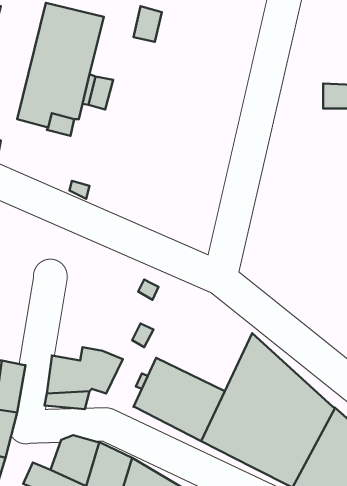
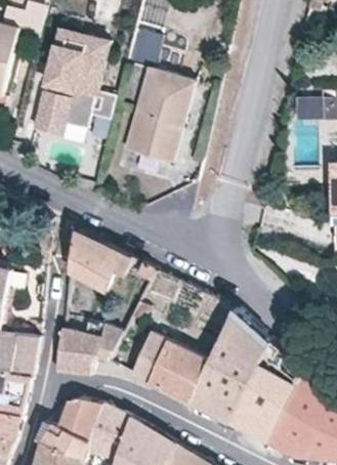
building: none -> [125,70,194,164]
building: none -> [69,231,129,293]

